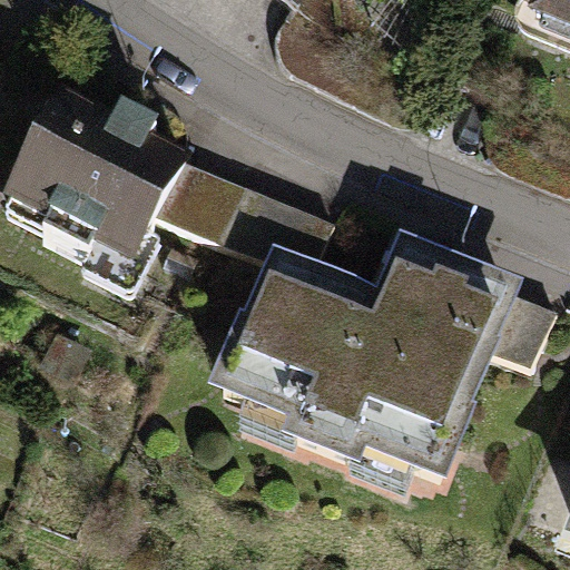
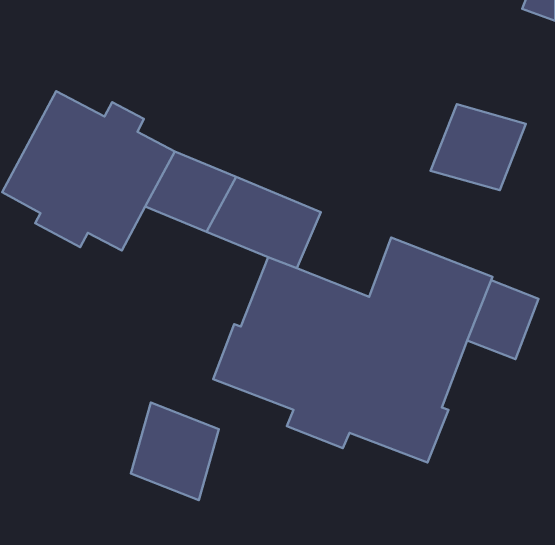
building: none -> [431,104,526,190]
building: none -> [131,403,219,500]

